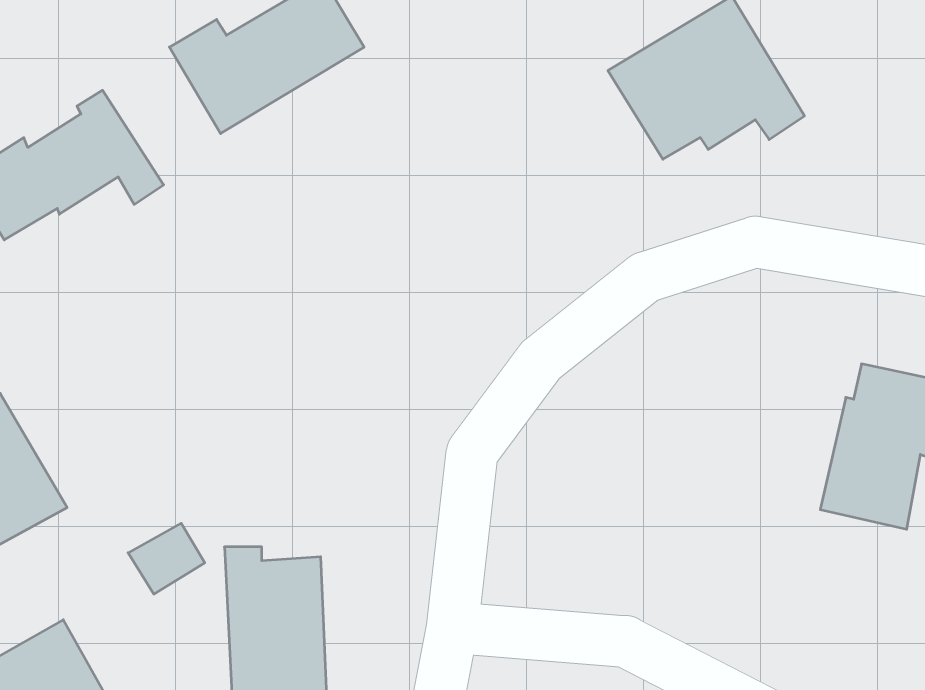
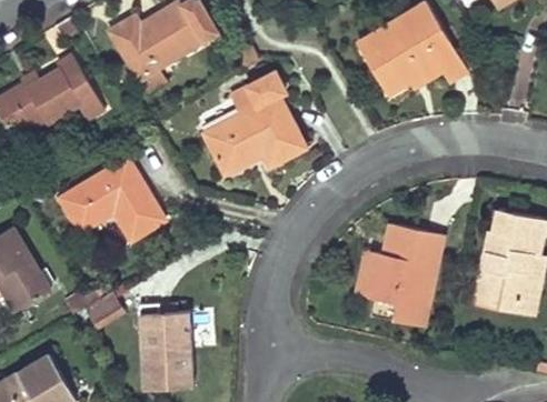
building: none -> [203,78,307,174]
building: none -> [58,157,165,241]
building: none -> [365,223,444,324]

